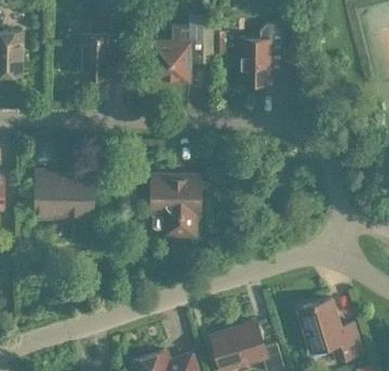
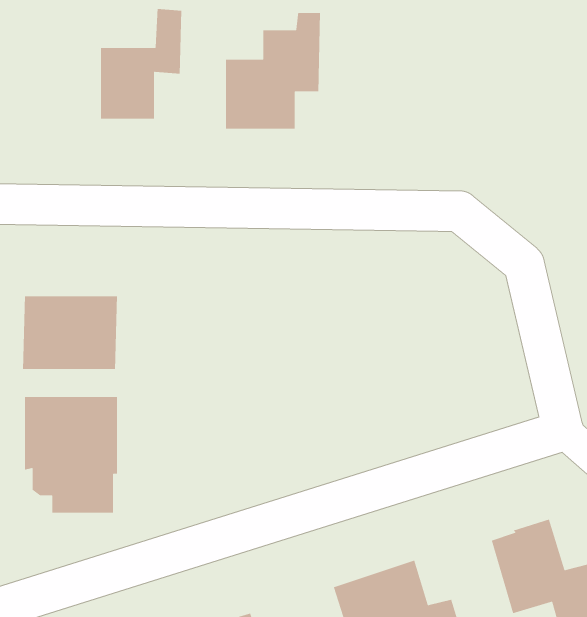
building: [241,24,284,91] -> none
building: [150,173,203,239] -> [24,396,118,514]

